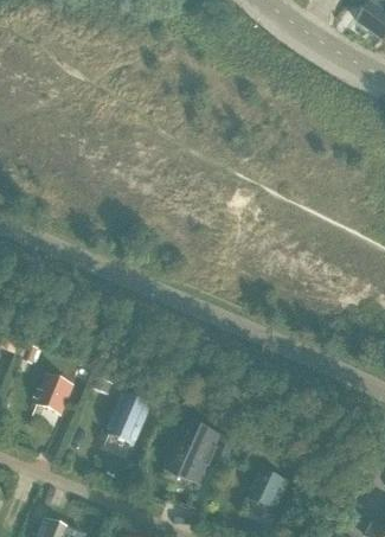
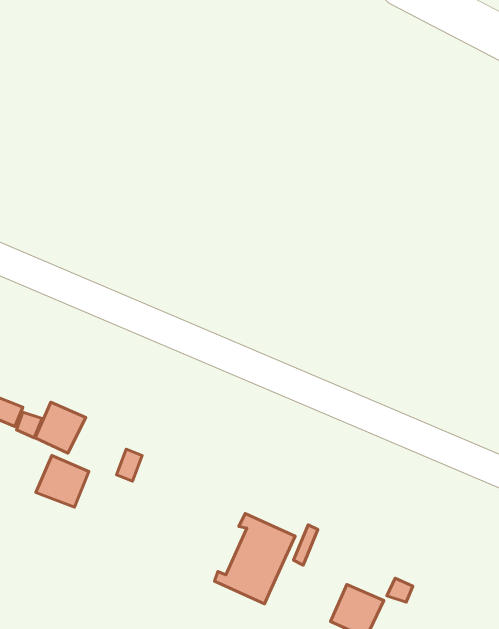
building: none -> [35,402,86,453]
building: [107,392,150,443] -> none

